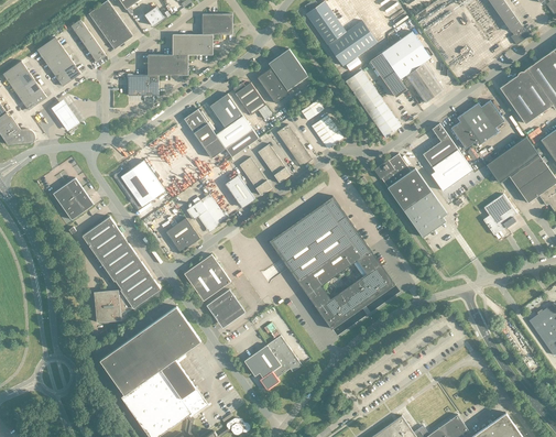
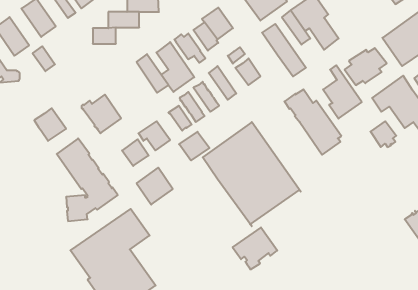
building: none -> [179,132,209,160]
building: [209,289,244,325] -> none
building: [243,336,301,390] -> [233,227,277,269]

